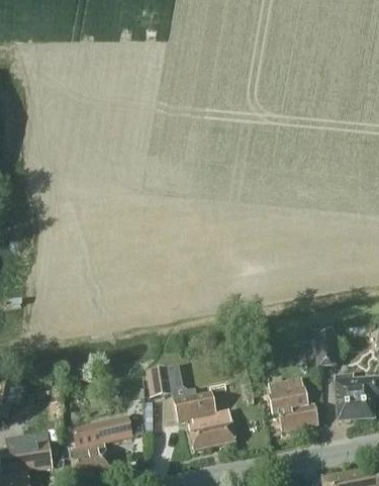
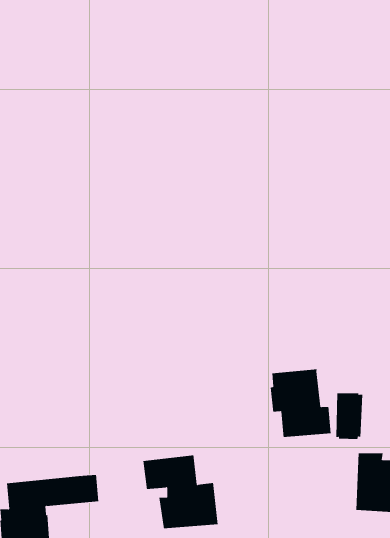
building: [145,366,175,396] -> none
building: [267,377,317,431] -> [270,369,332,437]

